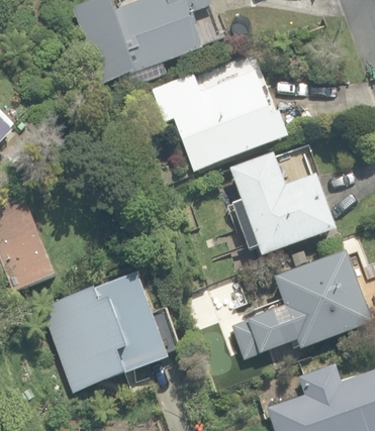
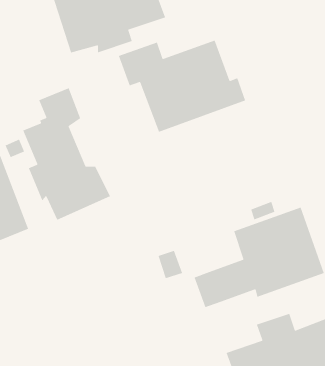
building: none -> [22,87,111,221]
building: [229,151,336,254] -> none
building: [41,271,180,392] -> none

